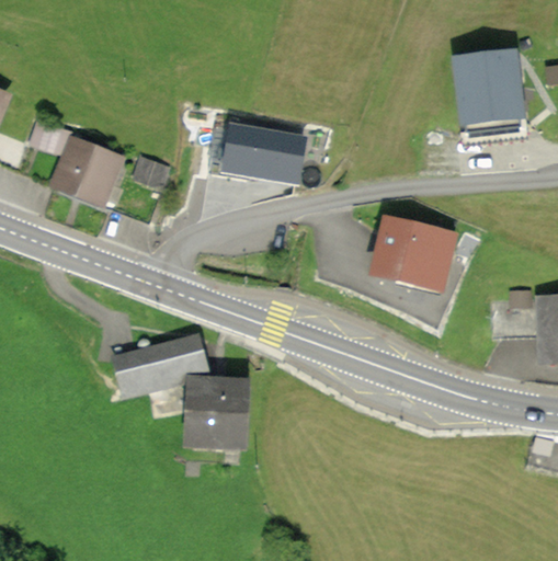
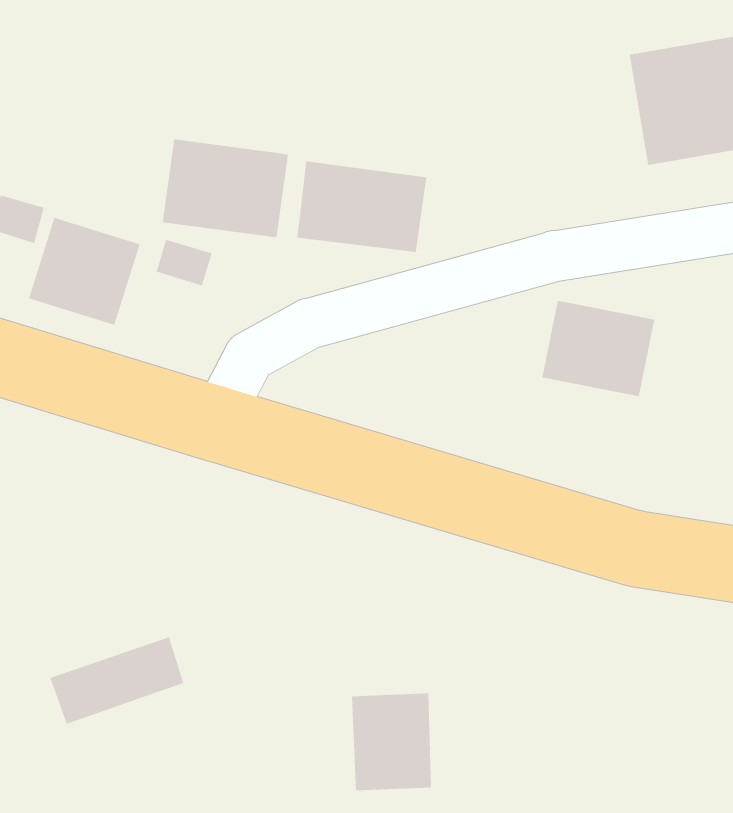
building: none -> [162,139,288,238]
building: [118,334,205,387] -> [50,637,184,724]
building: [194,377,246,439] -> [351,693,432,791]

